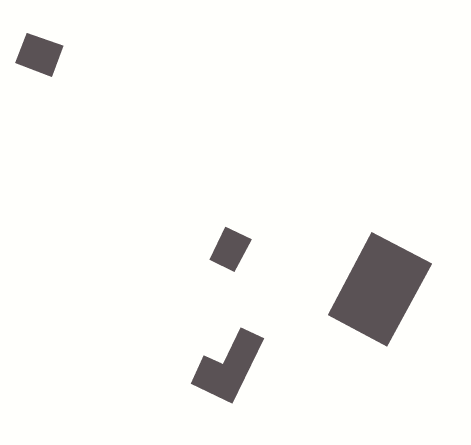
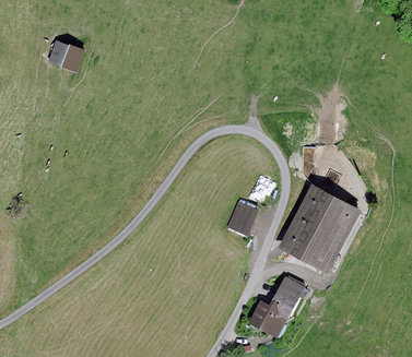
building: [208,226,253,273] -> [228,201,261,236]
building: [190,326,265,404] -> [248,277,304,335]

